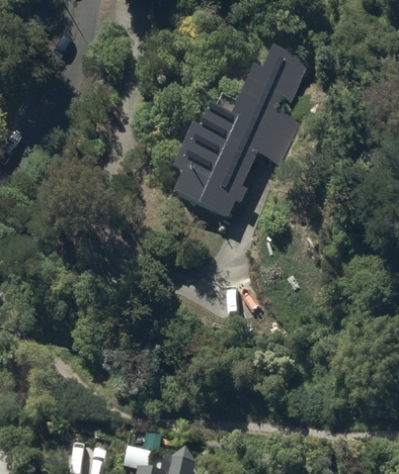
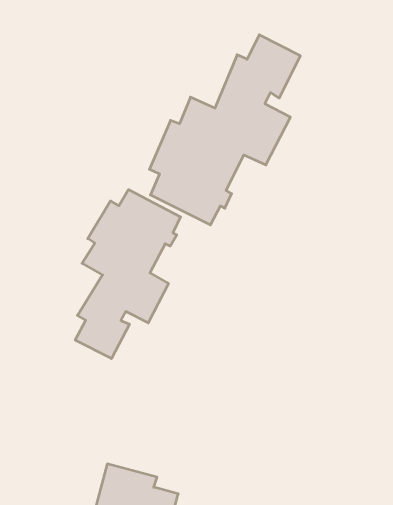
building: none -> [75,190,181,359]

